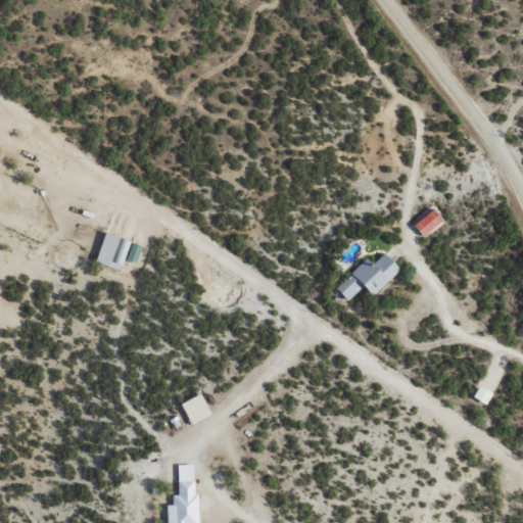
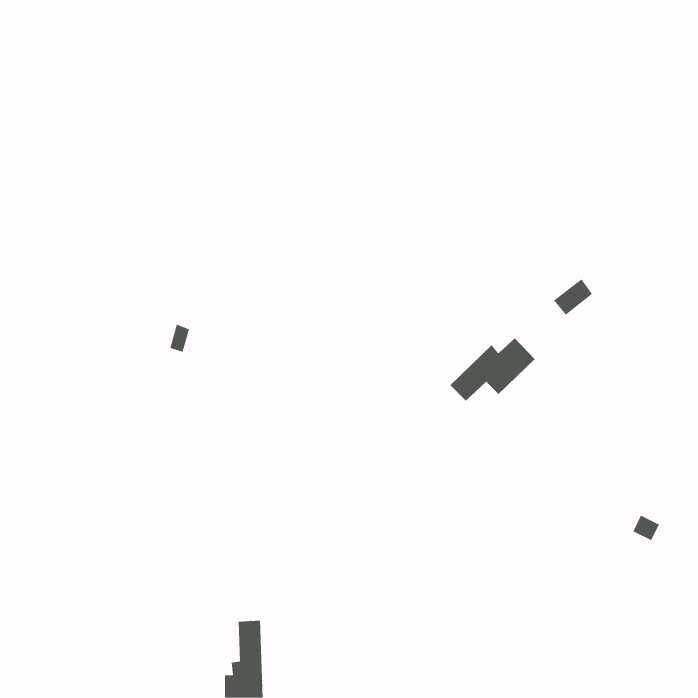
building: [96,233,130,270] -> none
building: [181,393,211,424] -> none

